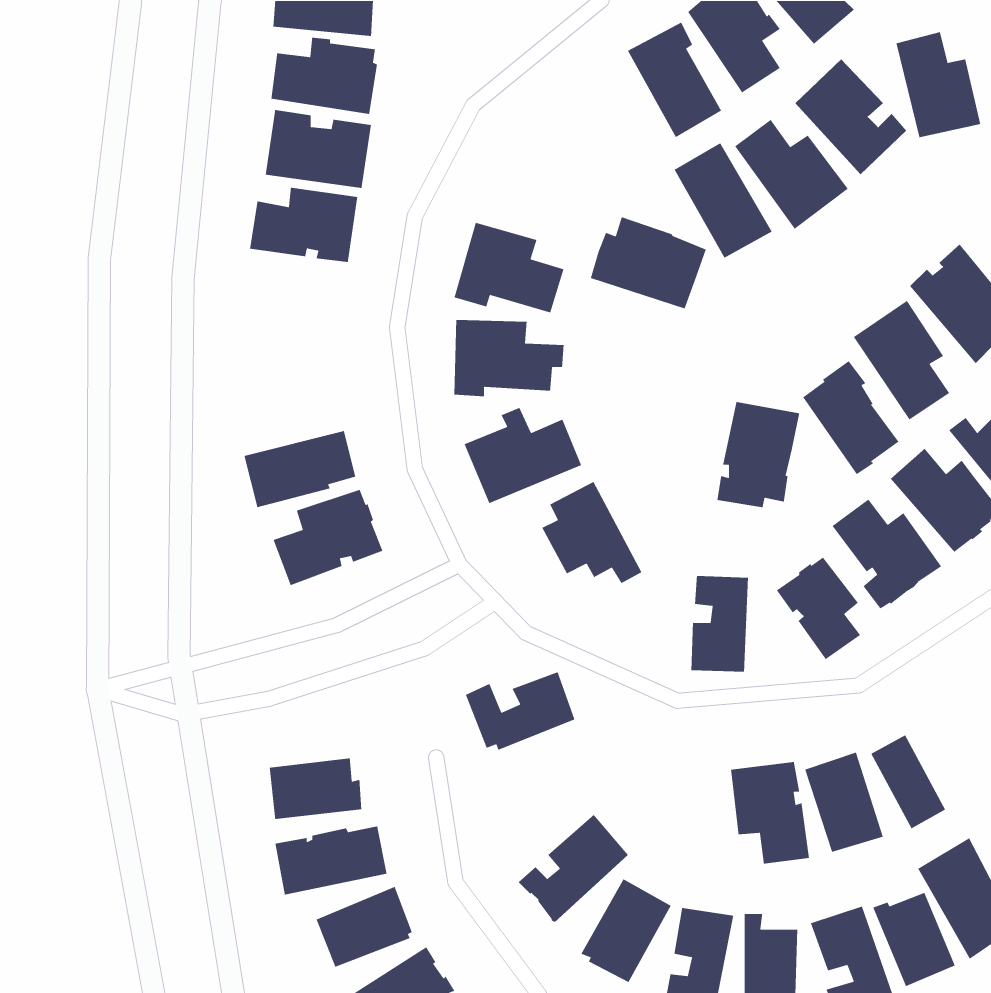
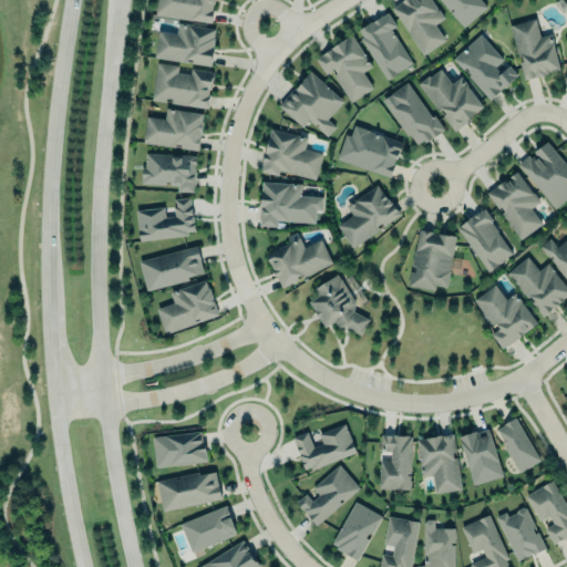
building: none -> [316,35,374,103]
building: none -> [279,70,344,136]
building: none -> [143,153,198,193]
building: none -> [338,185,400,247]
building: none -> [137,197,197,241]
building: [776,556,861,660] -> none
building: [690,575,749,673] -> [380,435,413,491]
building: [465,671,576,751] -> [293,424,357,470]

